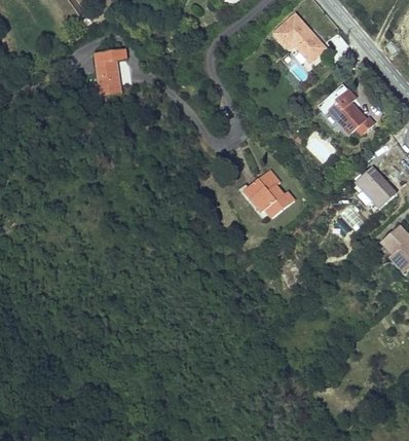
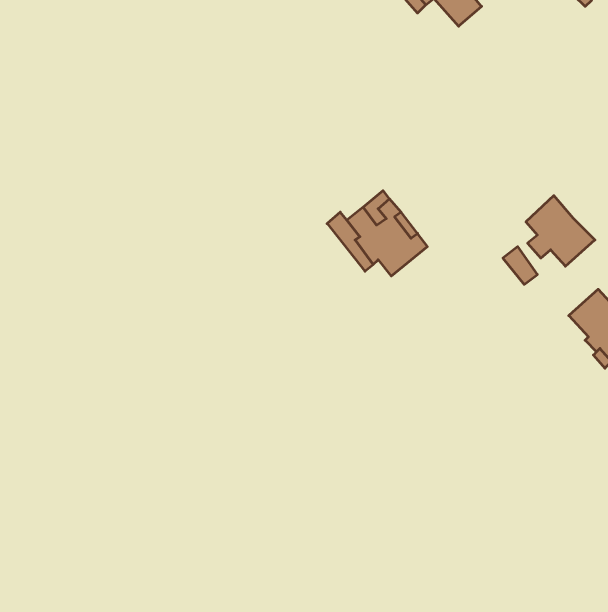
building: [94,58,118,95] -> none
building: [330,83,380,137] -> none

